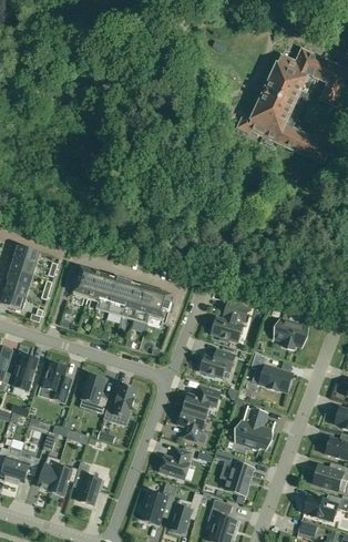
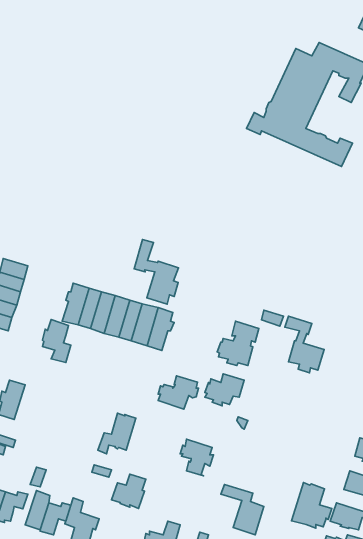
building: none -> [134,240,178,304]
building: [42,362,68,401] -> [43,319,71,362]
building: [255,362,291,392] -> none
building: [80,375,106,415] -> none
building: [182,386,218,416] -> [158,376,199,409]
building: [235,407,272,448] -> [291,483,332,528]
building: [158,448,190,479] -> [111,474,146,509]

